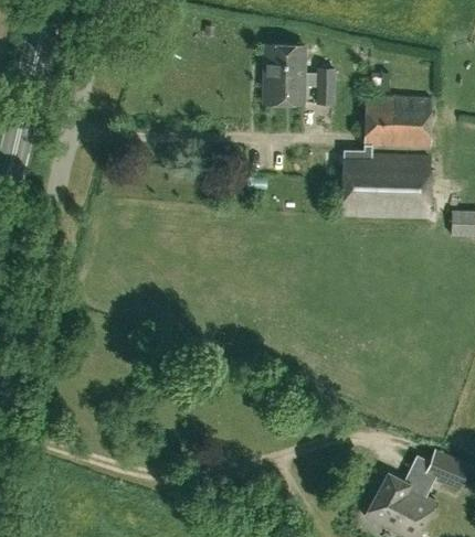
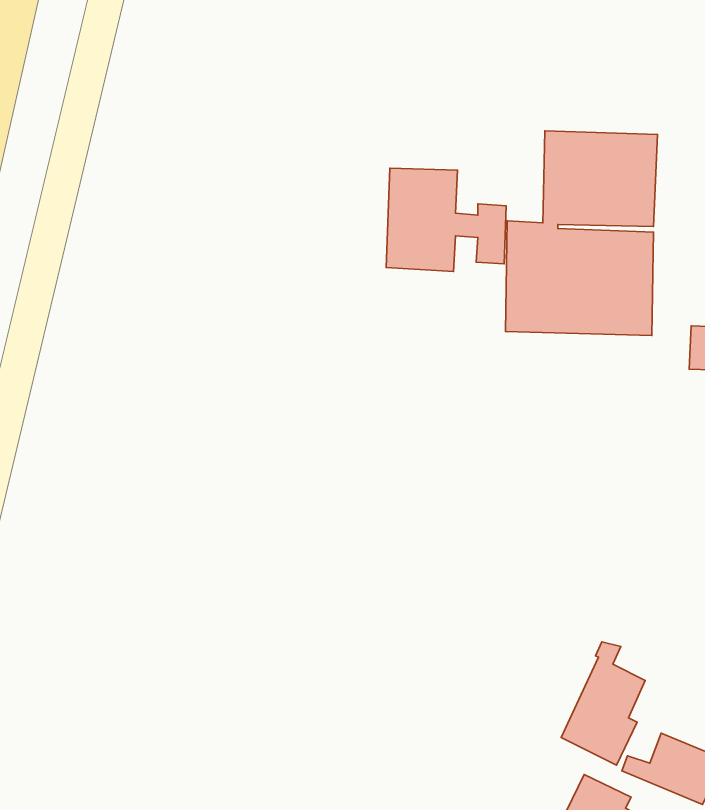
building: [264,45,335,106] -> [386,168,506,271]
building: none -> [561,642,645,765]

